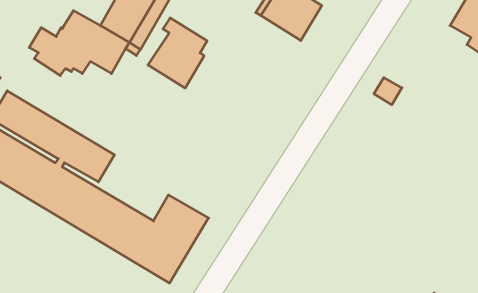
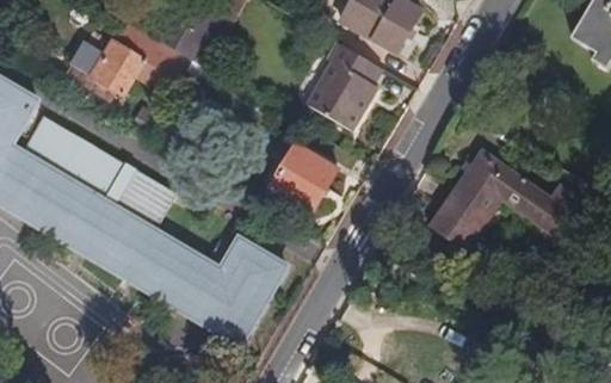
building: [148,18,207,88] -> [307,41,377,124]
building: none -> [270,142,335,209]
building: none -> [416,147,580,265]

